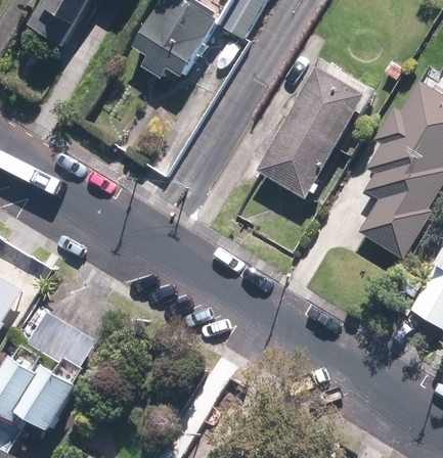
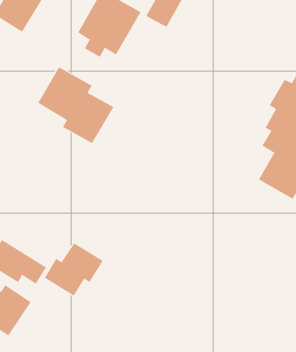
building: [254,65,365,198] -> none
building: none -> [38,66,114,144]
building: none -> [44,243,103,297]

